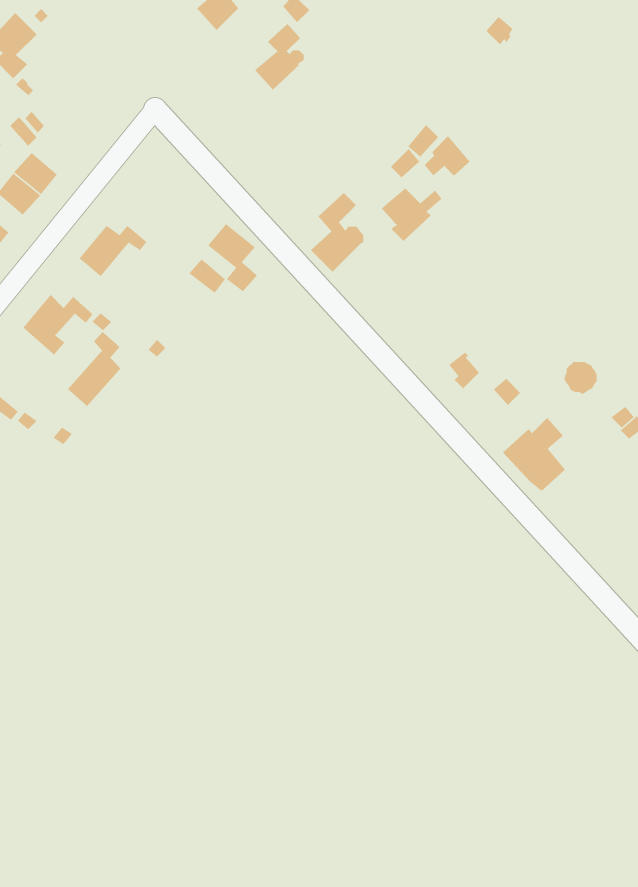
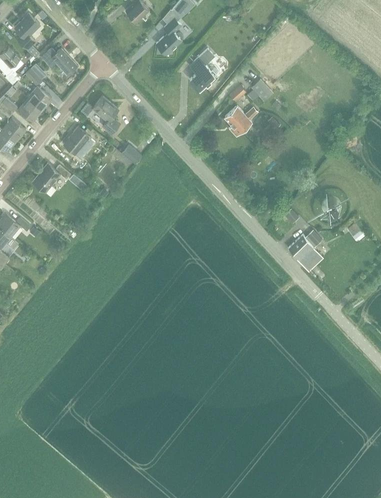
building: none -> [39,48,76,75]
building: [310,192,364,272] -> [188,49,217,92]
building: [207,223,258,292] -> [91,97,118,134]
building: [67,331,121,407] -> none

